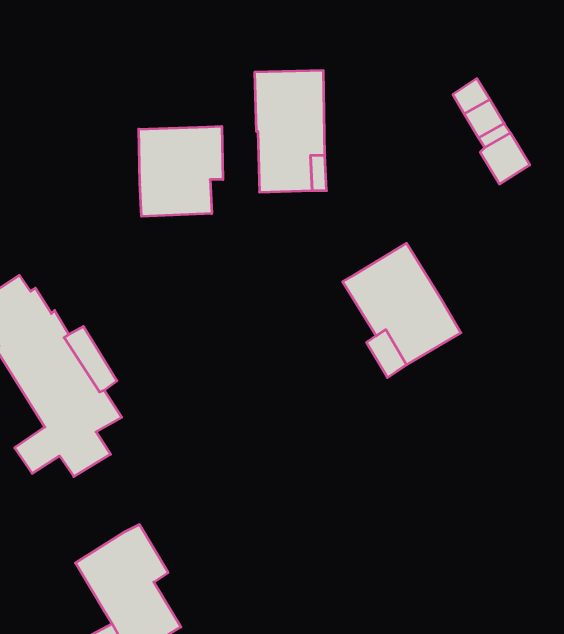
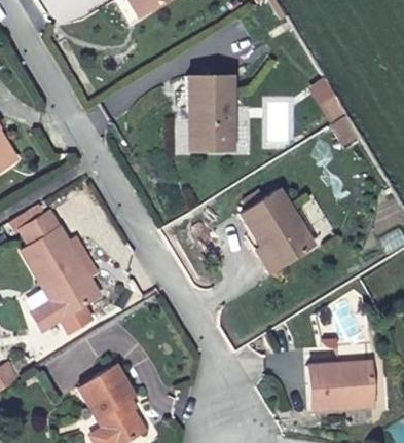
building: [139,126,223,216] -> none
building: none -> [310,360,380,409]

